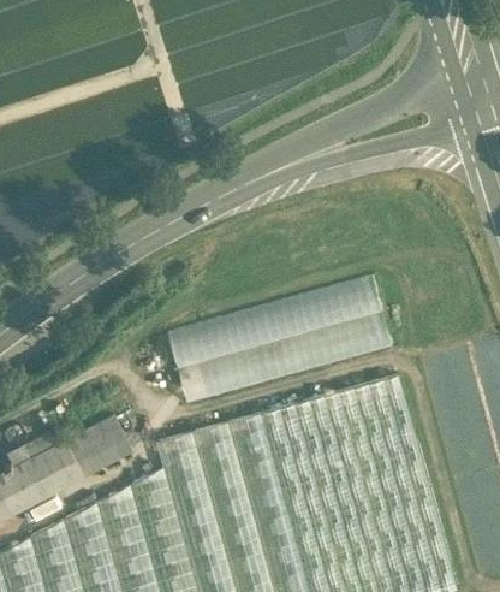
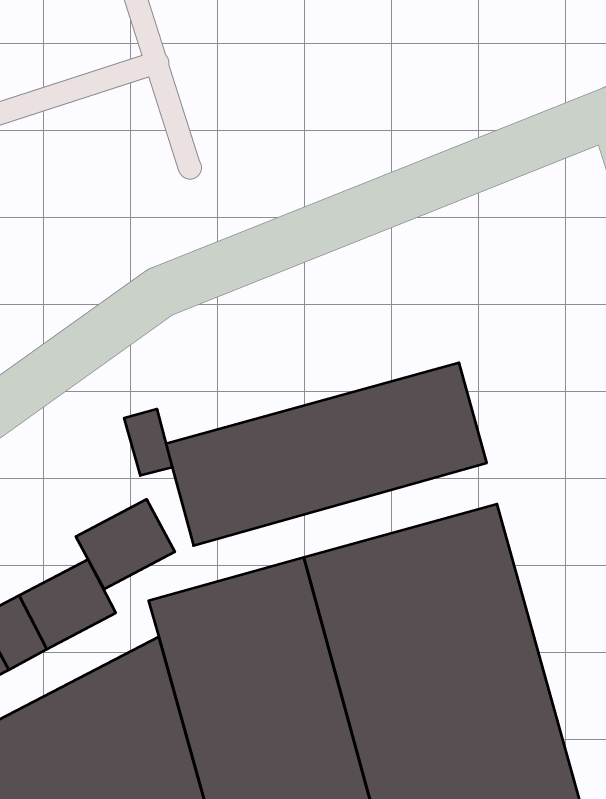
building: none -> [124,409,172,476]
building: none -> [76,499,175,589]

